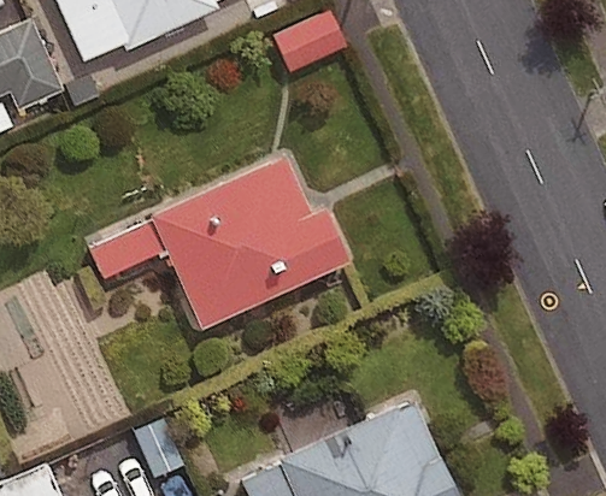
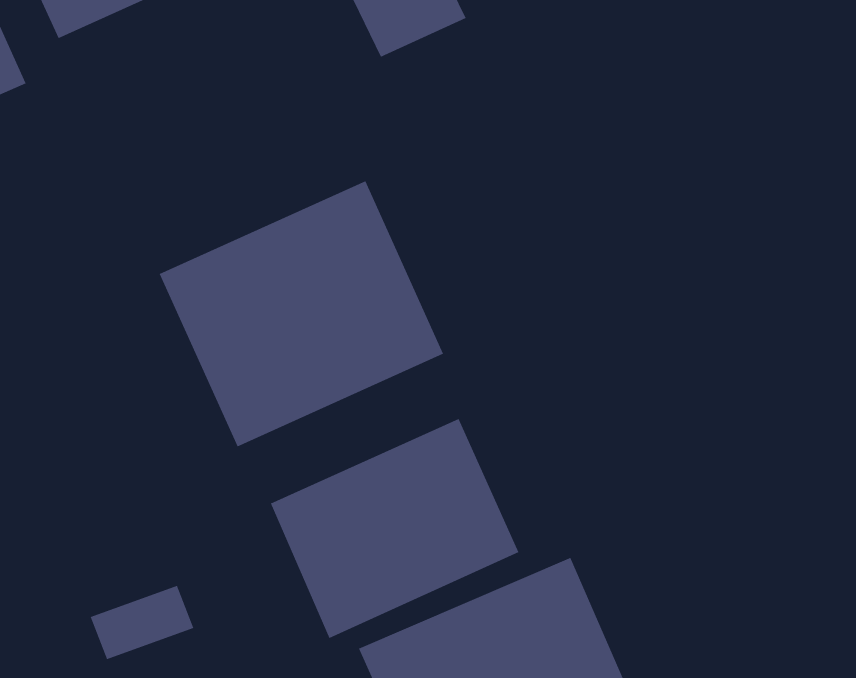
building: none -> [270,418,519,639]

